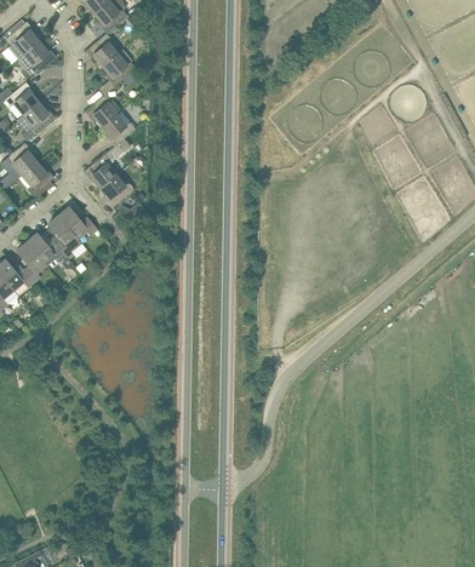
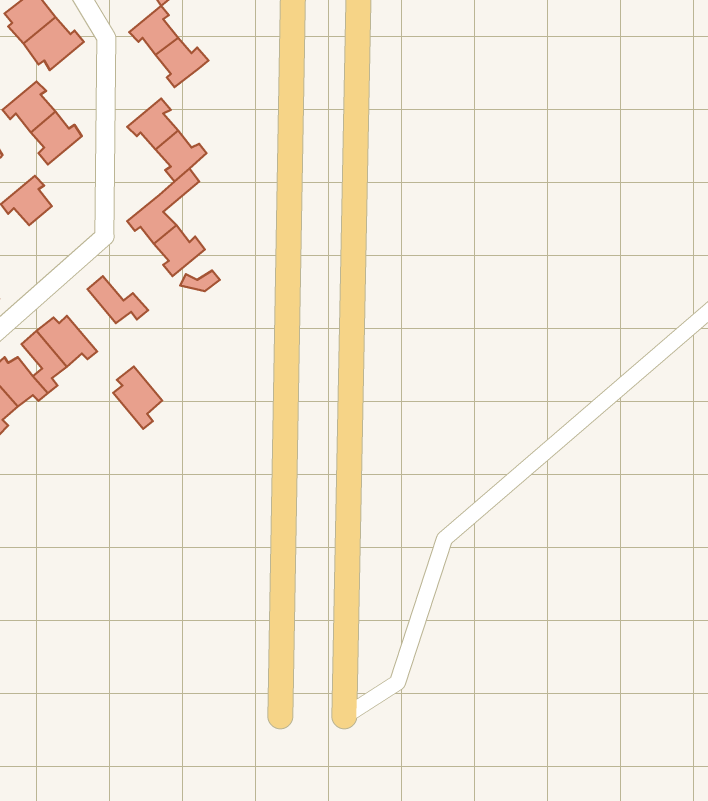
building: [21,161,53,197] -> none
building: [45,214,76,254] -> [113,366,162,429]

